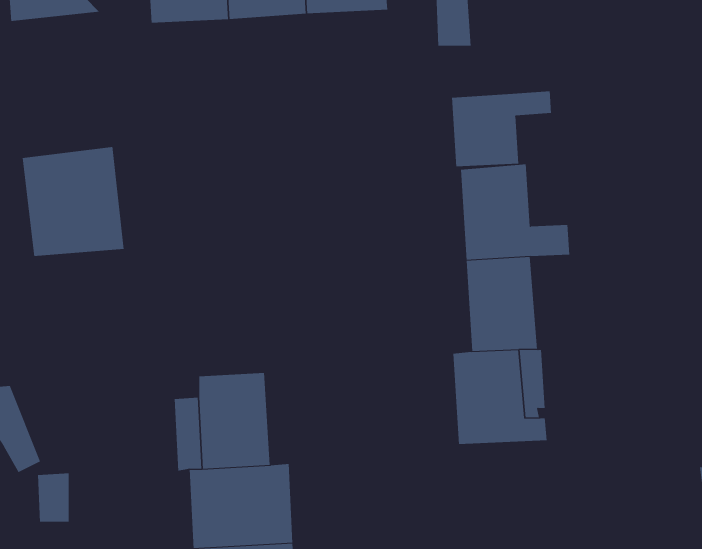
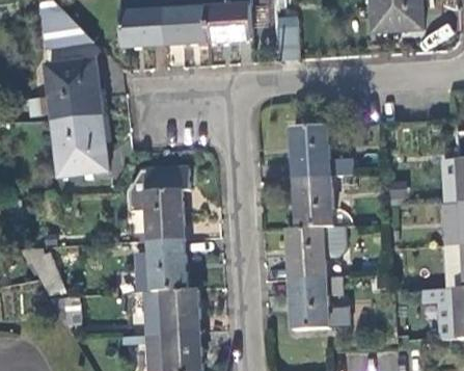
building: none -> [47,59,102,122]
building: [452,90,552,167] -> none
building: none -> [129,167,190,241]
building: none -> [291,276,343,330]

